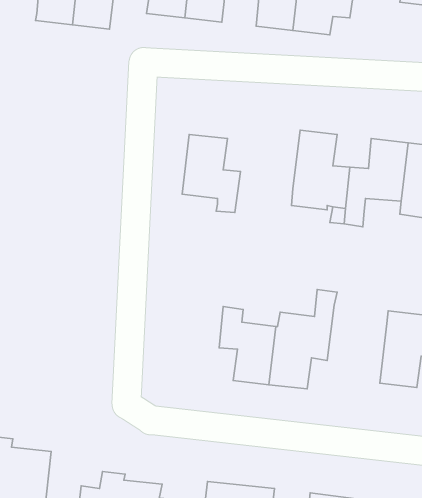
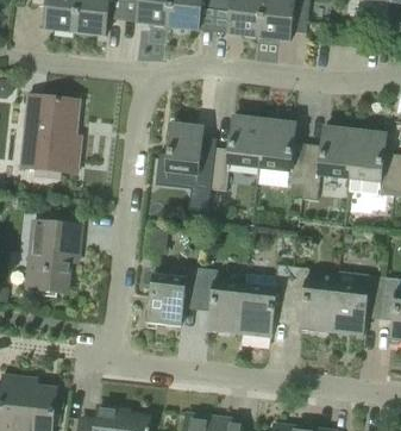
building: none -> [20,94,79,179]
building: none -> [209,115,264,190]
building: none -> [23,220,81,295]
building: none -> [149,263,200,325]
building: none -> [287,266,337,331]

